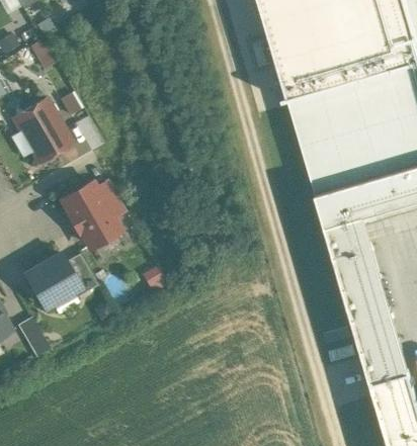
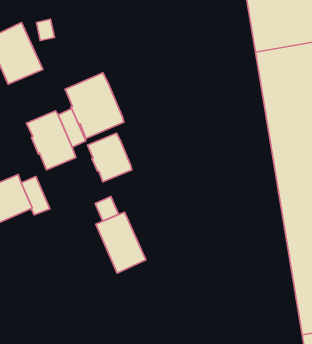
building: none -> [65,73,124,138]
building: none -> [88,133,132,182]
building: none -> [96,212,146,273]

